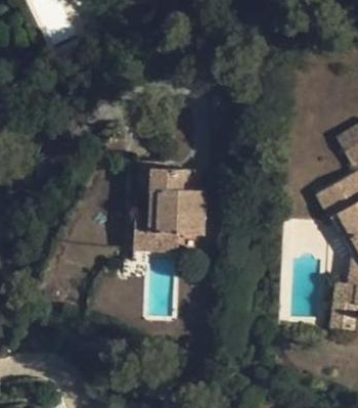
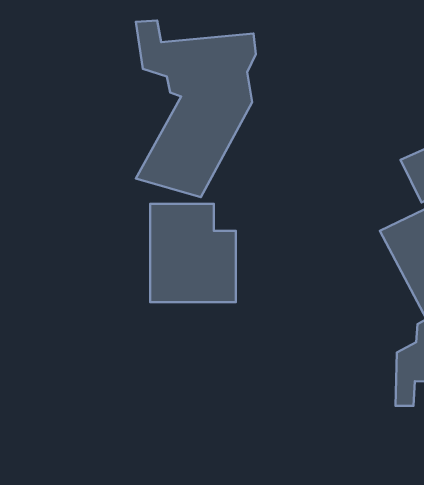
building: none -> [136,20,256,197]

